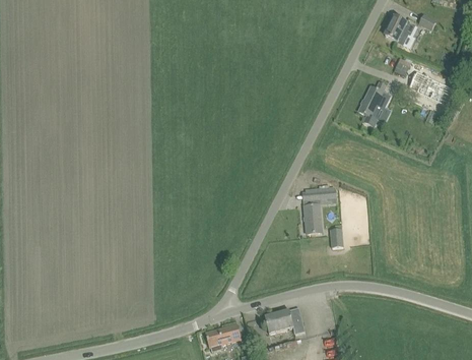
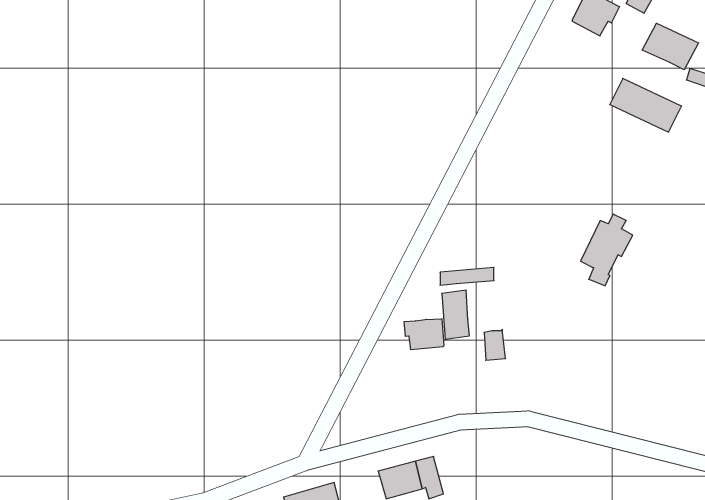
building: none -> [642,23,698,70]
building: [358,81,391,126] -> [581,214,633,286]
building: none -> [404,319,444,350]

